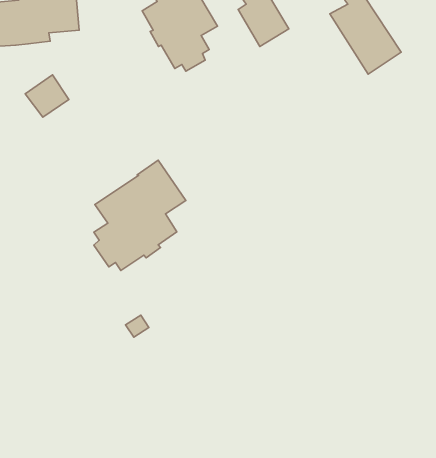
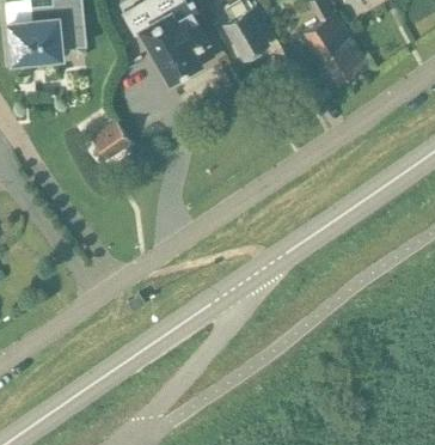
building: [25,75,69,117] -> [91,122,129,159]
building: [94,160,186,270] -> none

